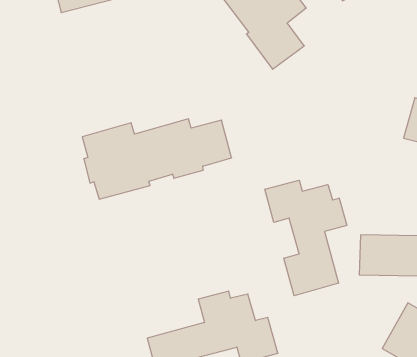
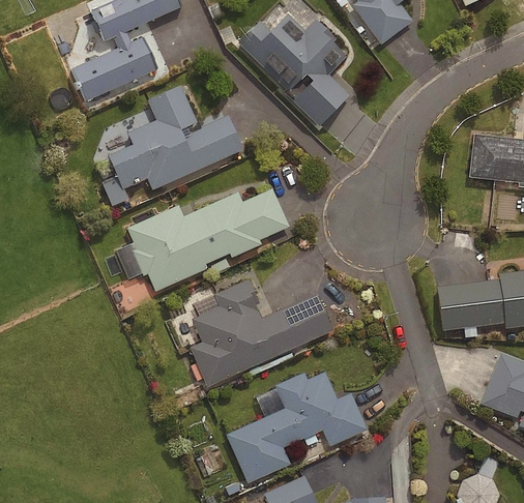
building: none -> [108,86,243,189]
building: [265,180,347,296] -> none
building: none -> [190,279,331,386]

